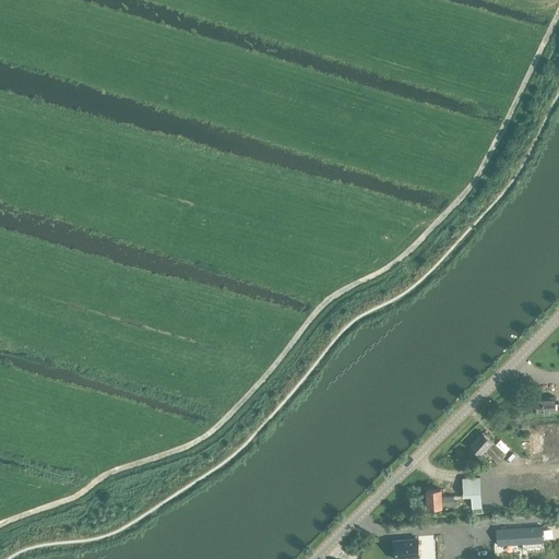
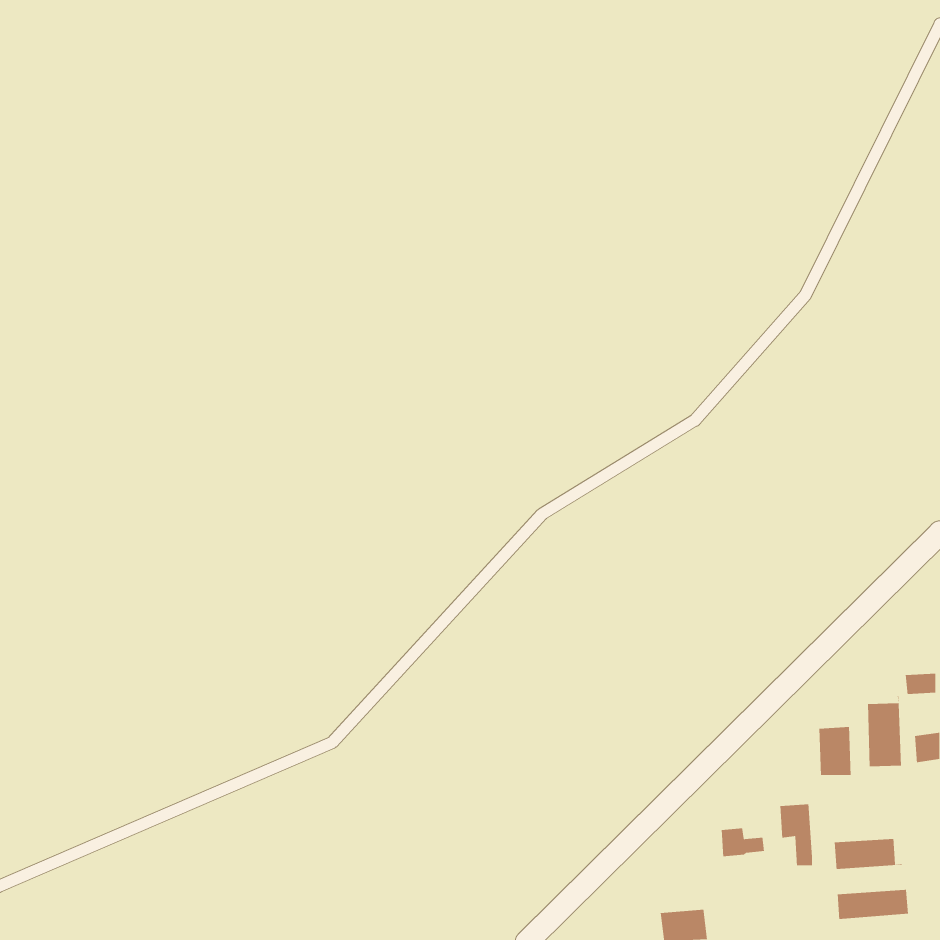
building: none -> [867,696,902,767]
building: none -> [834,838,903,870]

